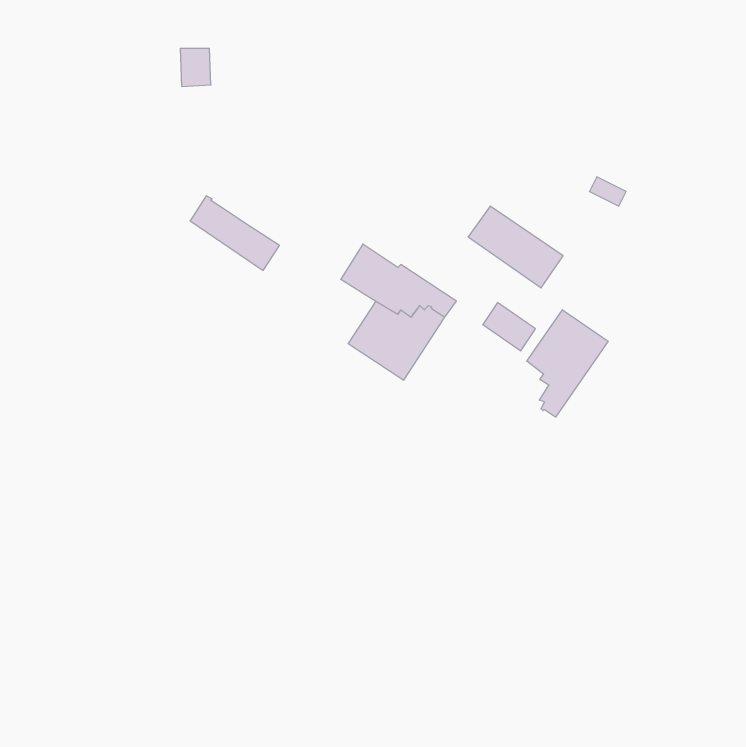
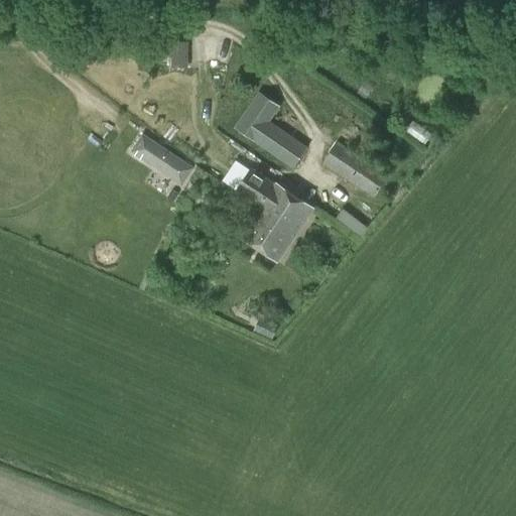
building: [180,48,211,86] -> [169,41,190,68]
building: none -> [235,92,308,169]
building: [527,310,608,417] -> none

